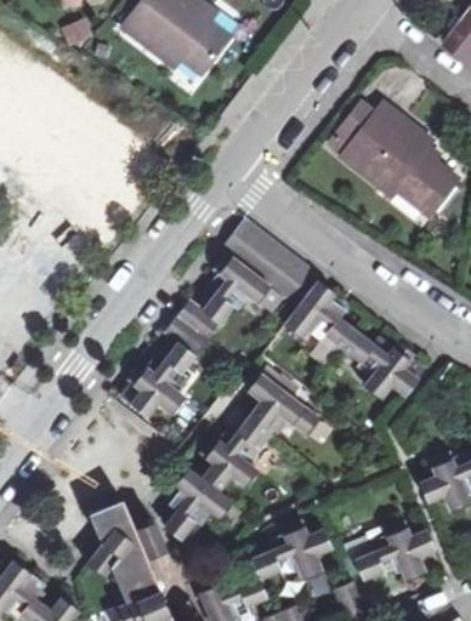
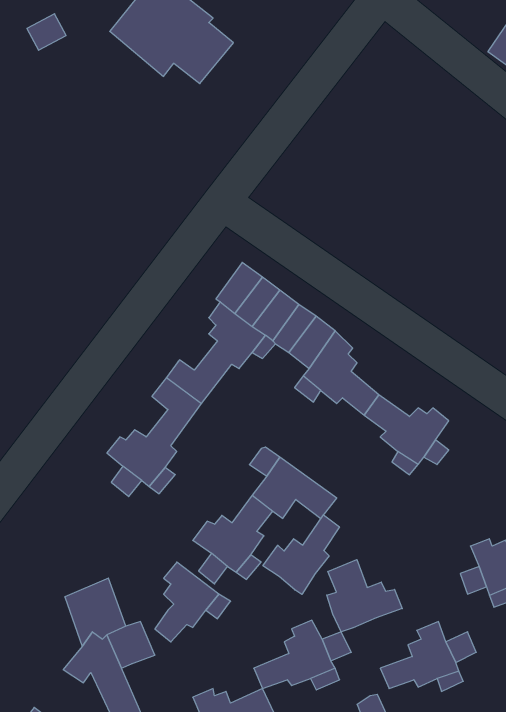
building: [334,110,453,218] -> none
building: none -> [263,515,339,594]
building: none -> [327,560,402,632]

